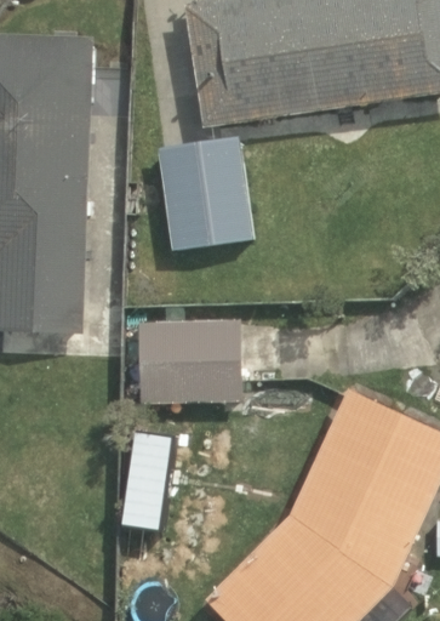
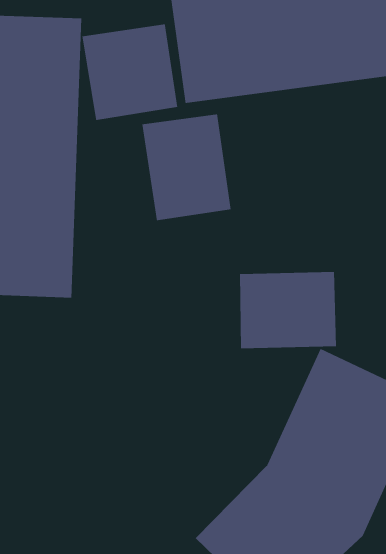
building: none -> [82,23,178,121]
building: [138,320,242,403] -> [239,272,337,349]

